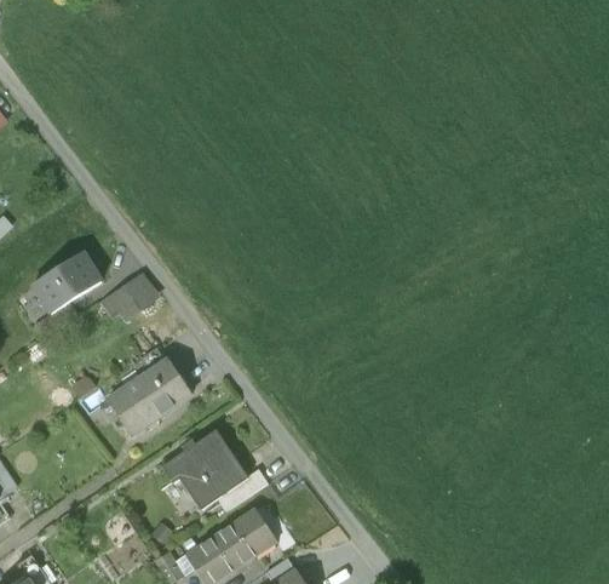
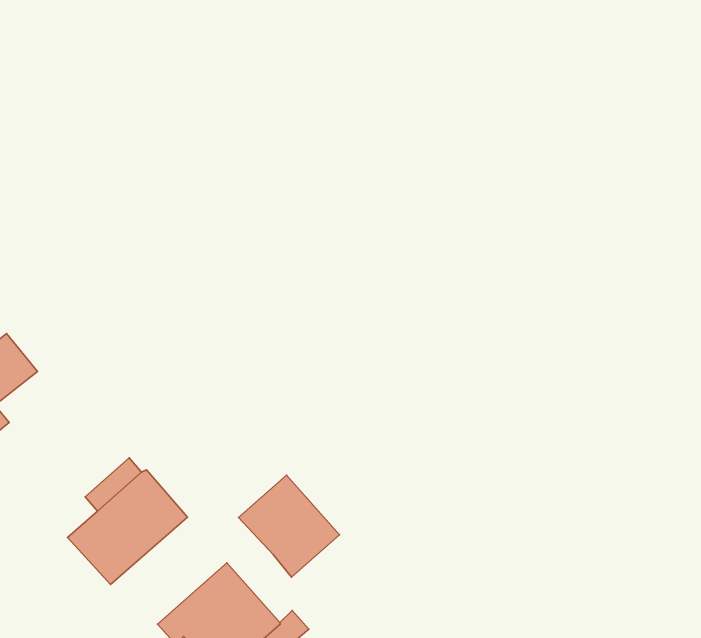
building: [100,271,160,322] -> none
building: none -> [239,475,339,577]

